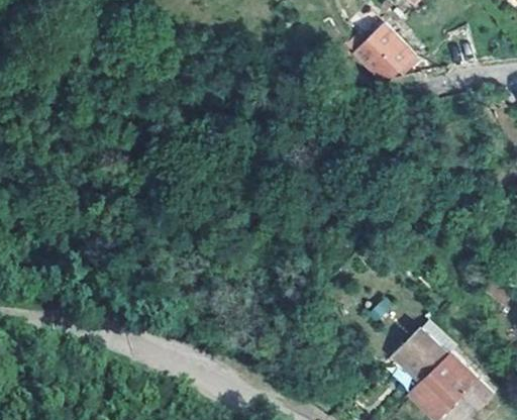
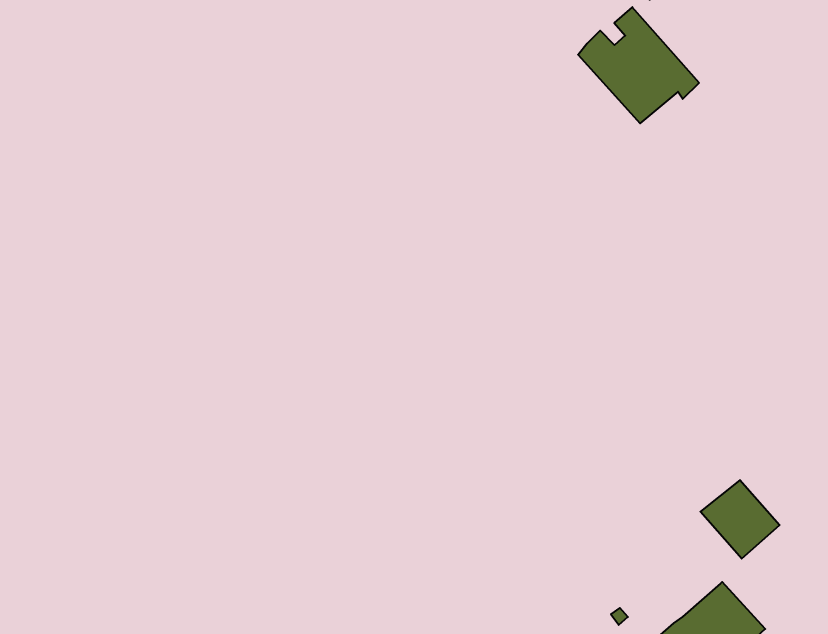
building: [403,328,450,375] -> [700,480,780,559]

